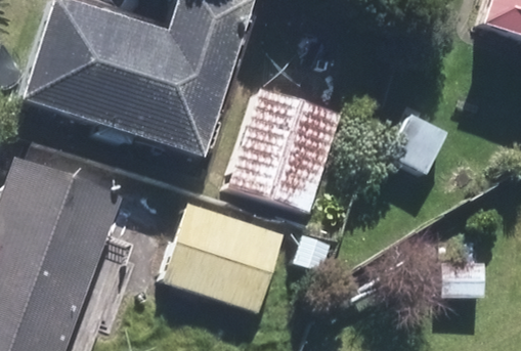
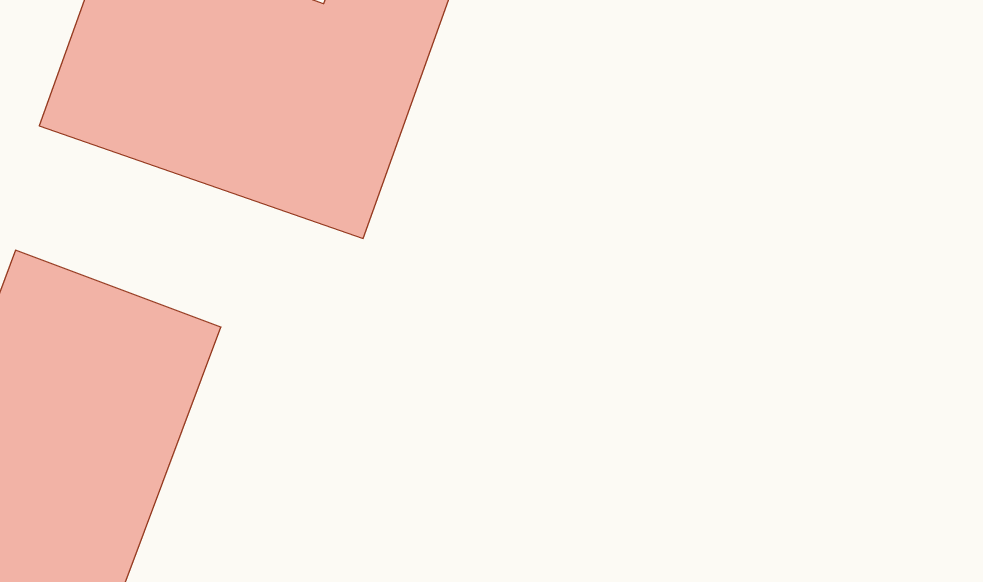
building: [227,81,349,212] -> none
building: [165,207,277,306] -> none

